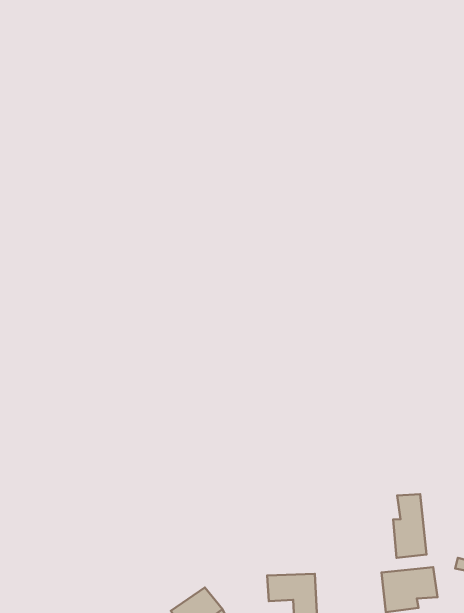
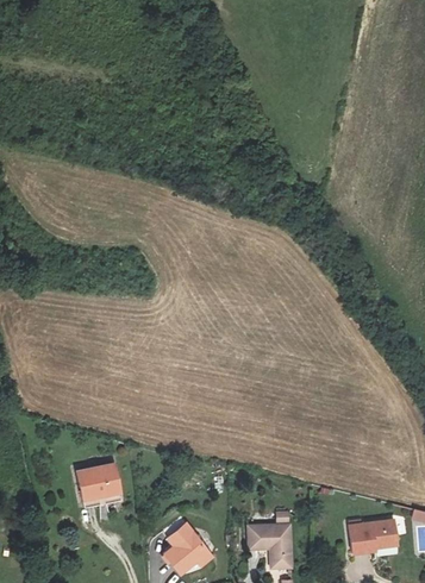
building: [393,494,427,558] -> none
building: none -> [76,462,120,507]

